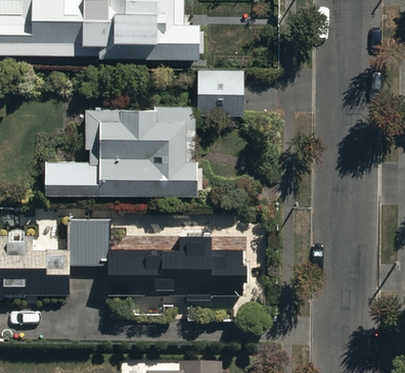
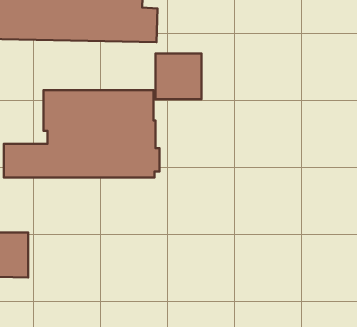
building: [70,220,242,299] -> none

